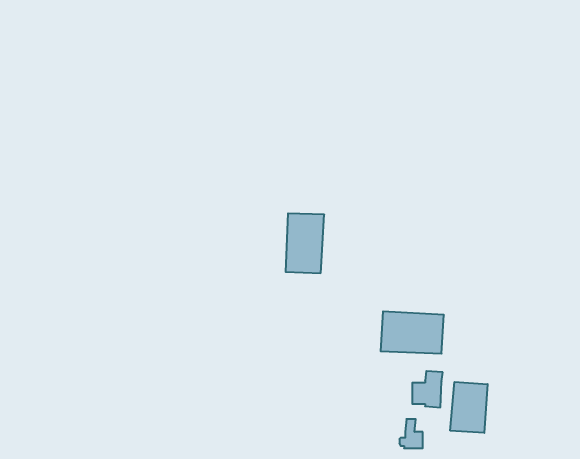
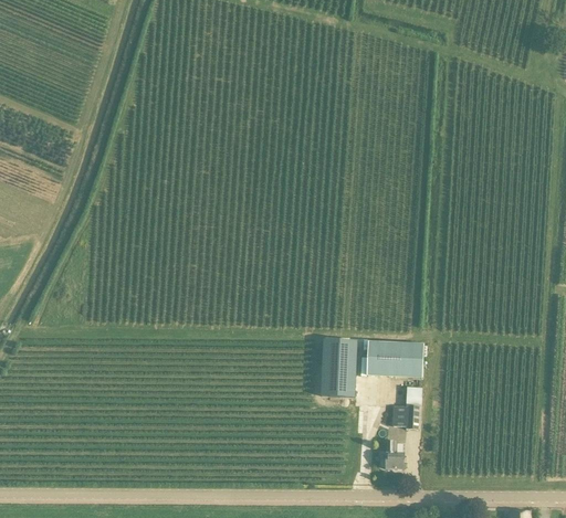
building: [286,213,324,273] -> [322,339,358,395]
building: [450,382,488,433] -> none

